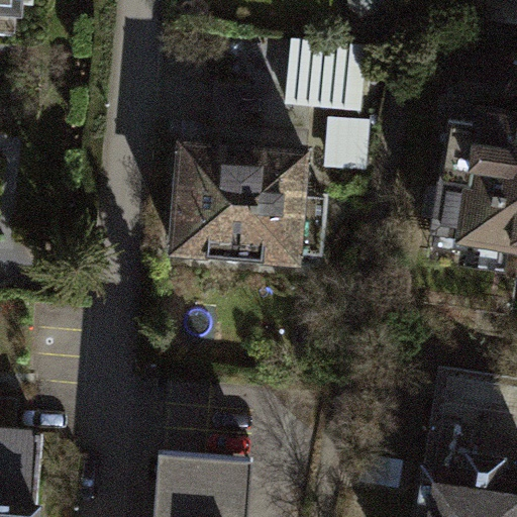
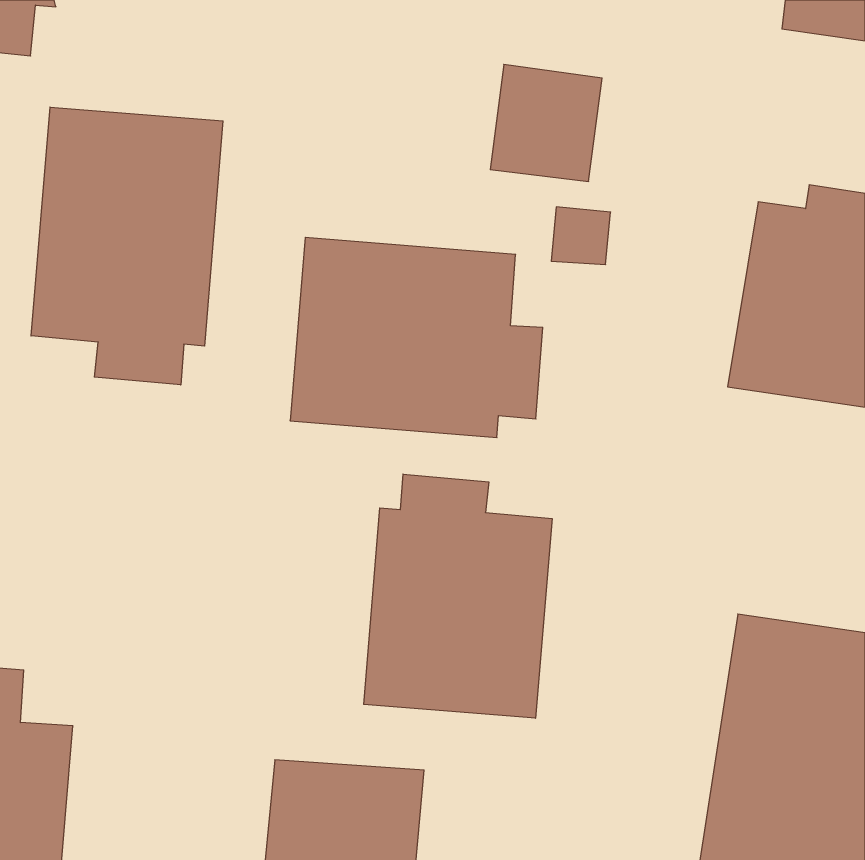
building: none -> [31,107,223,385]
building: none -> [364,474,552,718]

